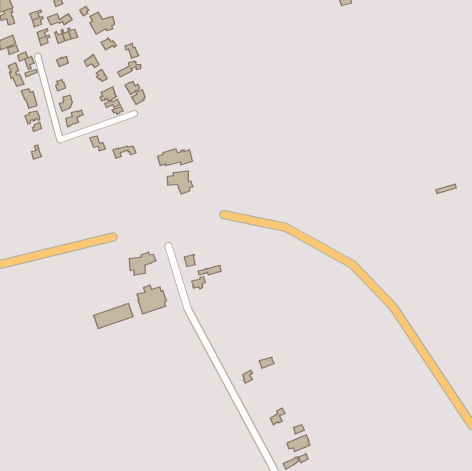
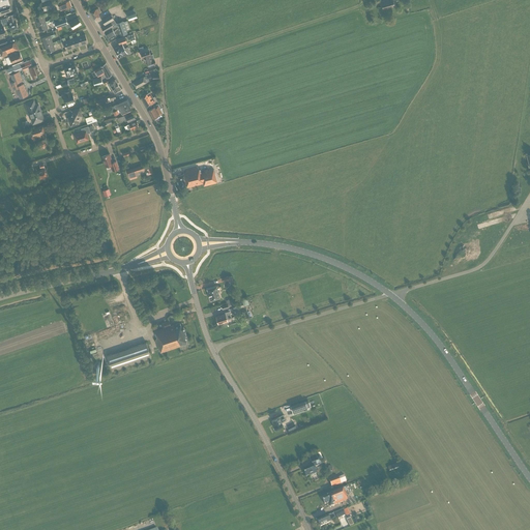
building: [167,171,193,194] -> none
building: [129,252,156,275] -> none

